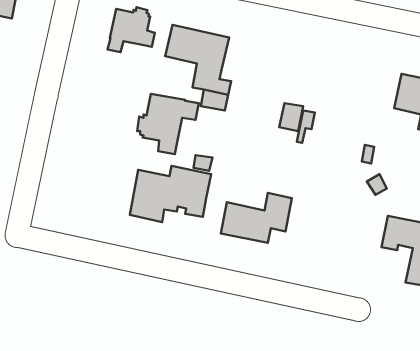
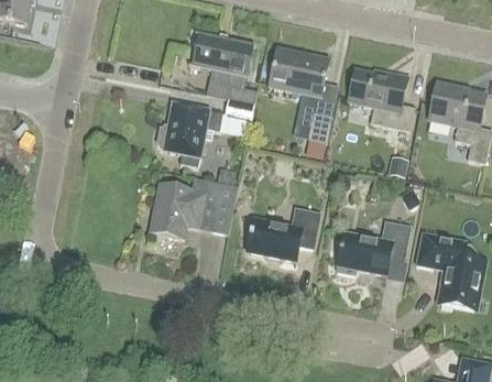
building: [108,7,155,52] -> none
building: none -> [269,48,328,96]
building: none -> [348,68,414,130]
building: none -> [336,220,411,274]

